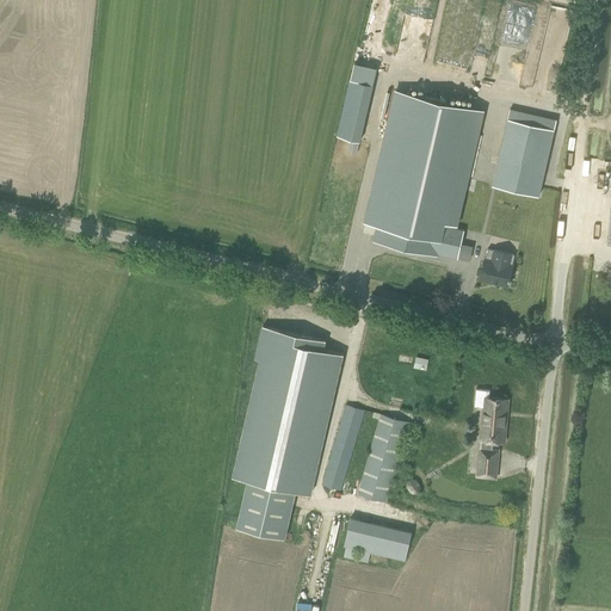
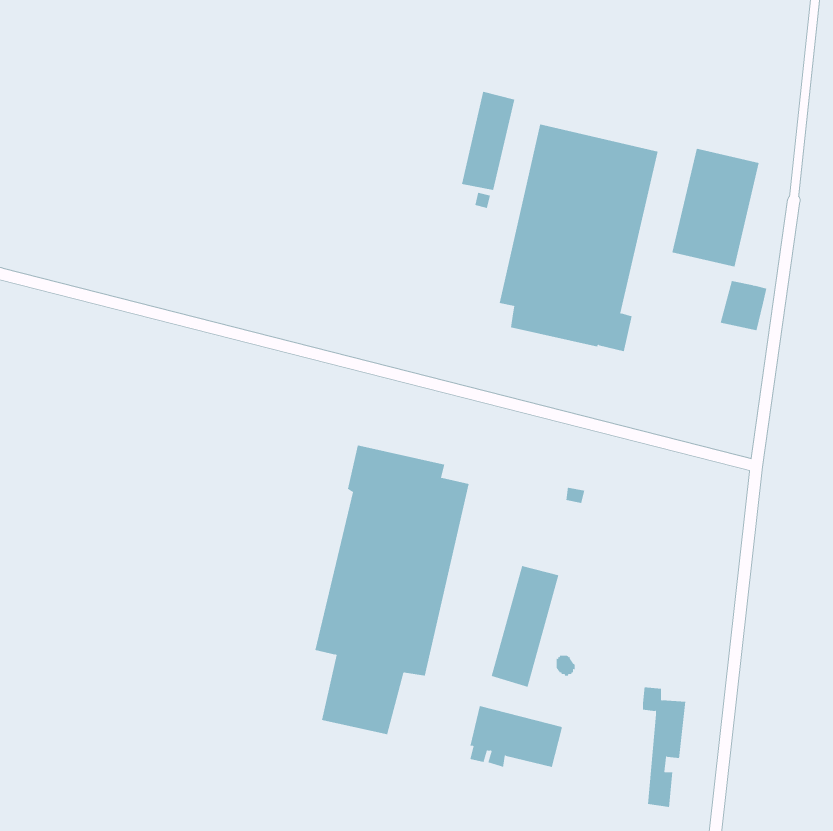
building: [480,249,514,286] -> [720,280,767,331]
building: [475,390,507,479] -> [642,687,686,808]
building: [322,406,368,492] -> none

